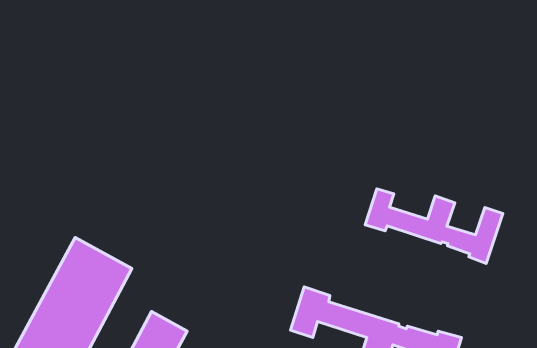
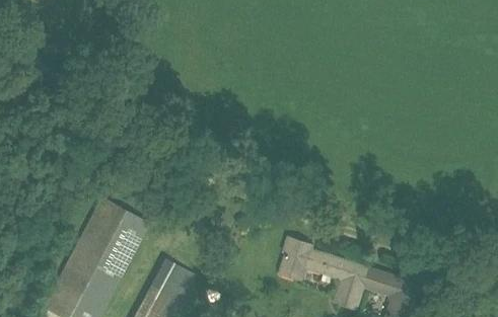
building: [365,189,503,263] -> none

